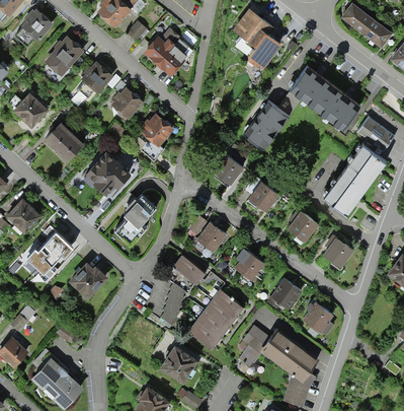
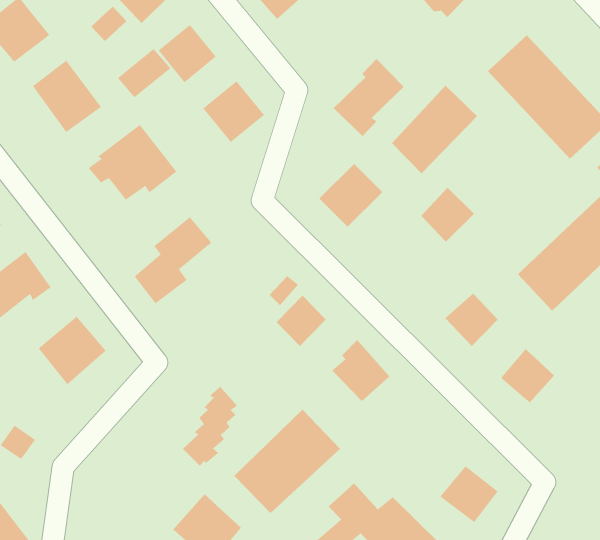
building: none -> [333,58,404,137]
building: none -> [117,48,171,98]
building: [249,182,278,212] -> [420,187,475,243]
building: [172,254,206,285] -> none
building: [267,278,301,310] -> none

